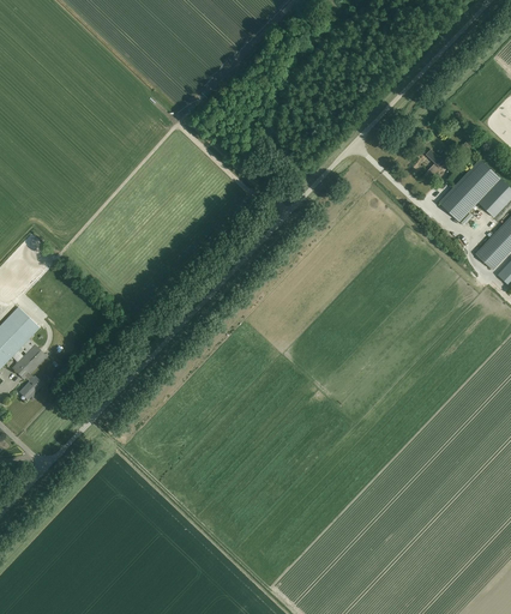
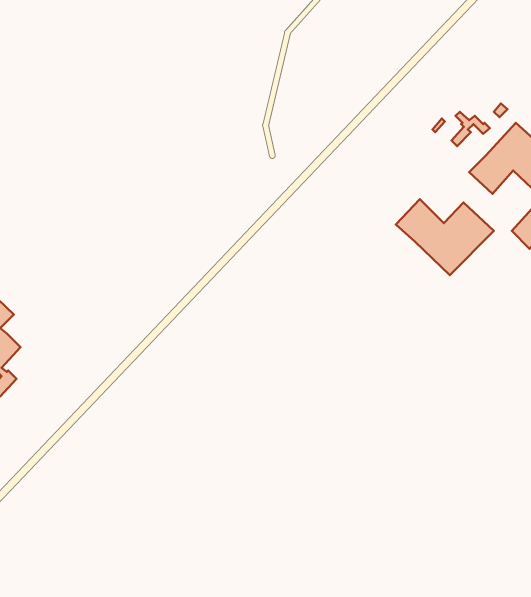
building: none -> [396,199,494,275]

